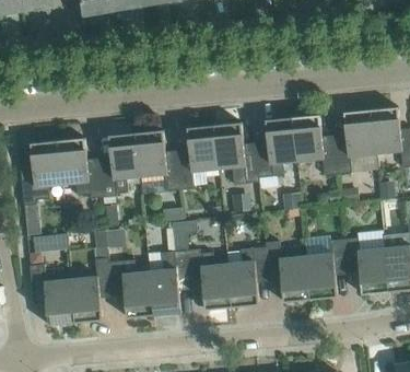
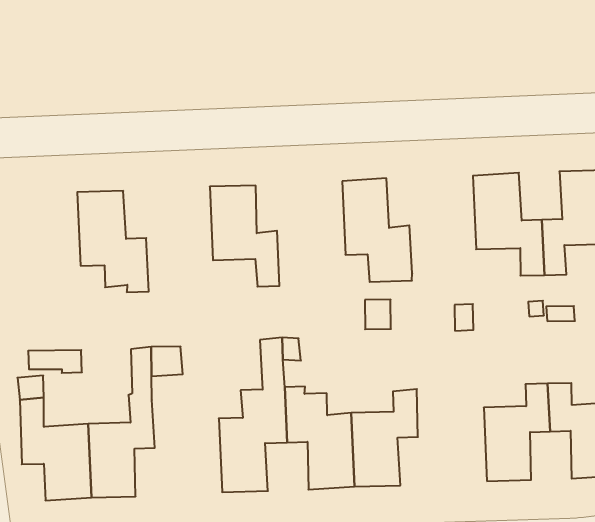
building: [257,117,297,177] -> none
building: [178,125,220,189] -> none
building: [101,132,141,197] -> none
building: [21,140,62,205] -> none
building: [266,241,312,302] -> none
building: [109,259,154,317] -> none

